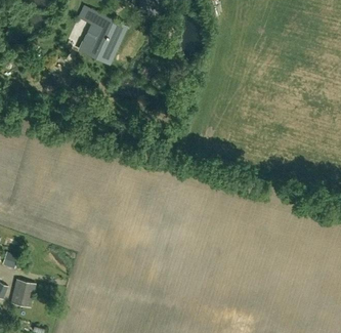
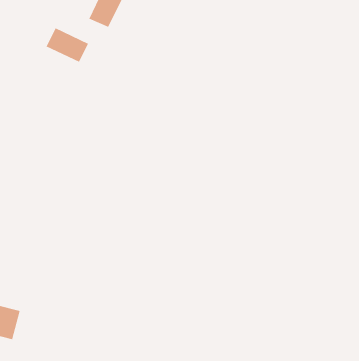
building: none -> [46,28,89,63]

